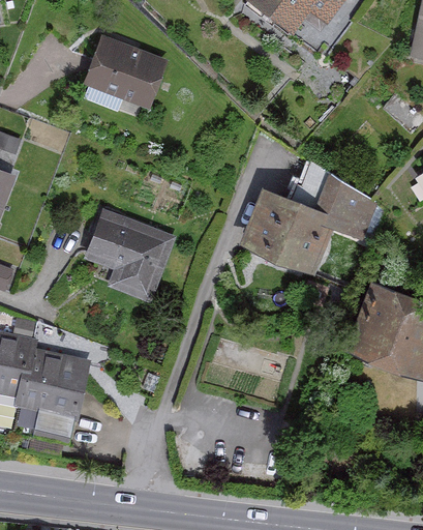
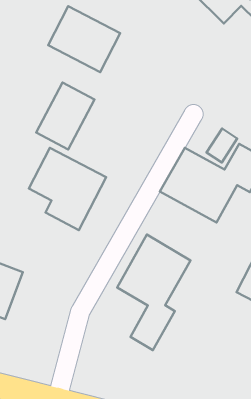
building: none -> [36,82,94,149]
building: none -> [117,235,191,350]

